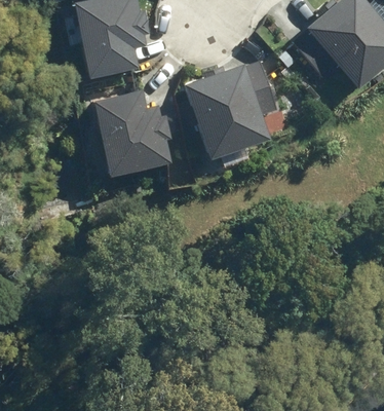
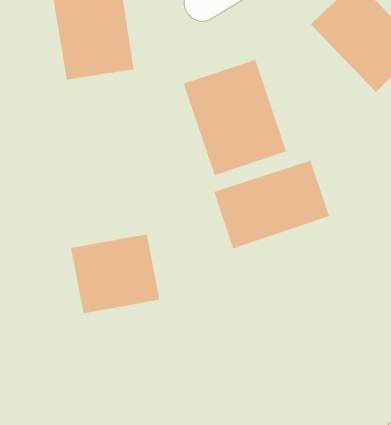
building: [90,102,170,173] -> [70,234,160,314]
building: none -> [213,160,330,249]

